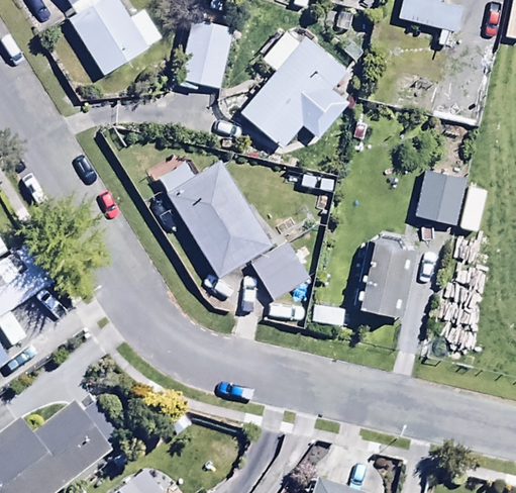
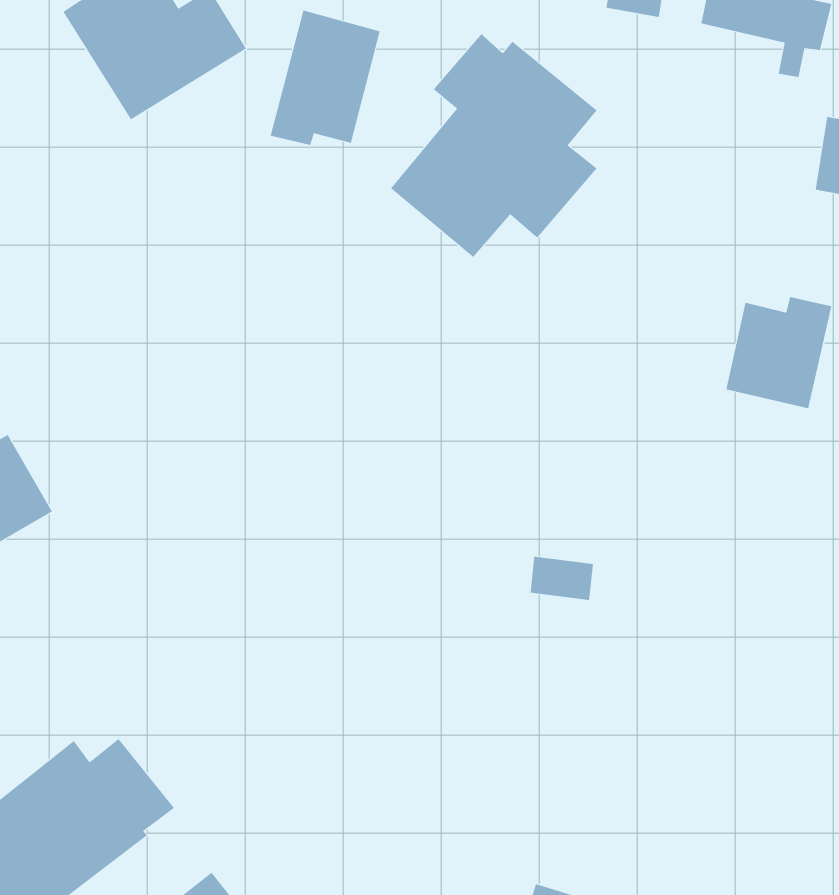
building: [158,159,270,276] -> none
building: [356,234,416,315] -> none
building: [249,239,313,303] -> none

